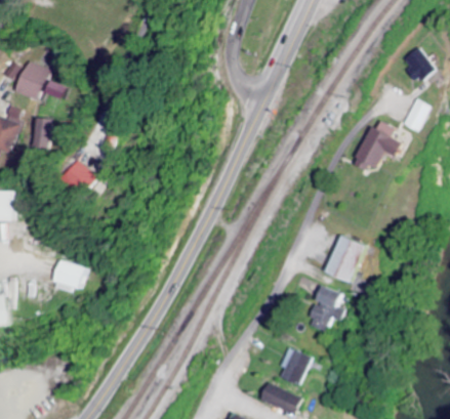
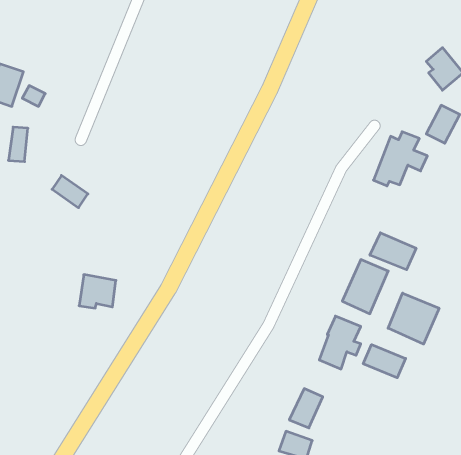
building: none -> [370,233,416,270]
building: [52,261,85,291] -> [79,275,116,308]
building: none -> [388,293,439,344]
building: none -> [363,345,406,378]

